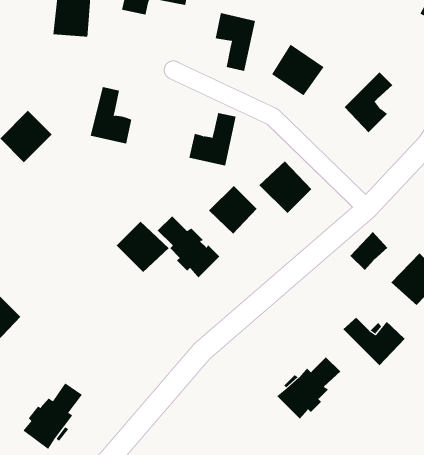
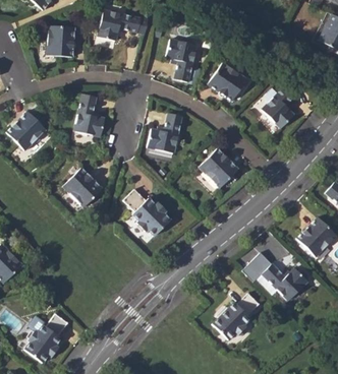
building: [208,185,258,234] -> none
building: [116,221,169,273] -> [63,168,103,206]
building: [350,231,388,271] -> [242,252,271,282]

